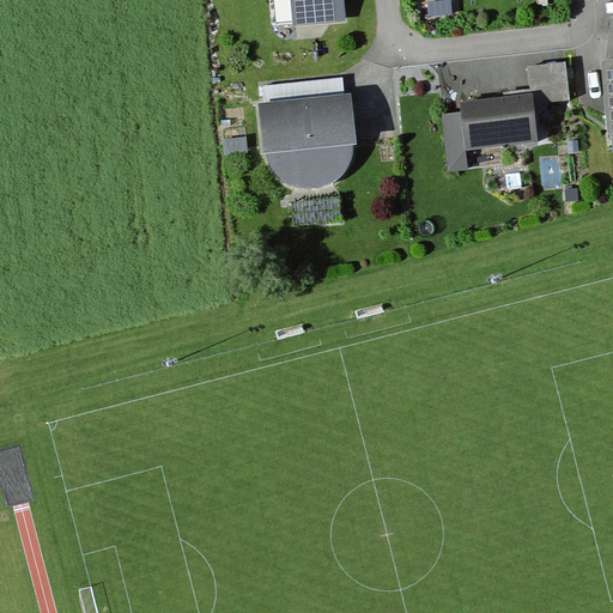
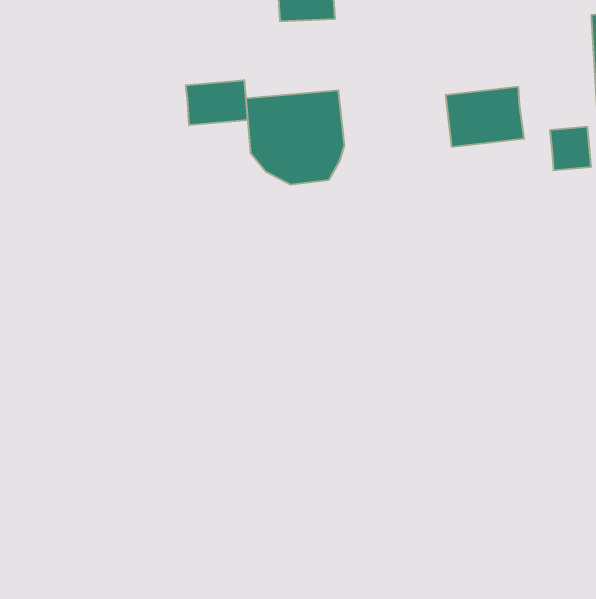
building: [530,62,572,107] -> [550,127,591,170]
building: none -> [186,80,248,125]

